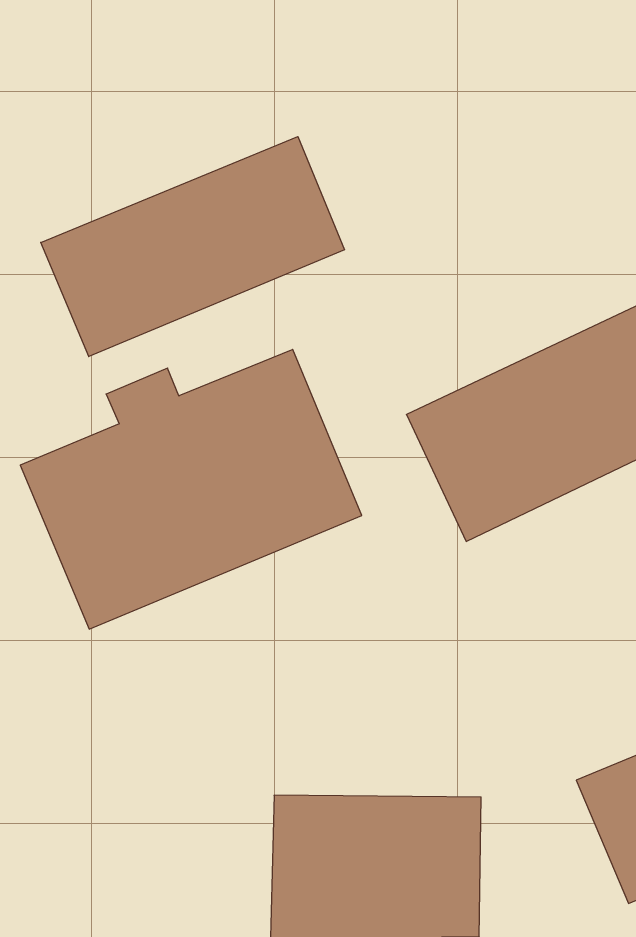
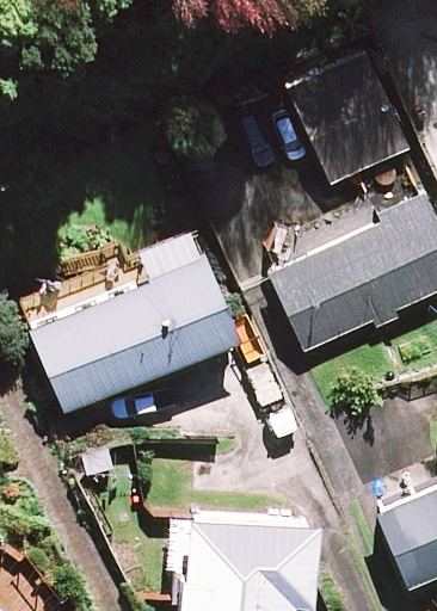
building: none -> [287,53,408,186]
building: [41,137,345,357] -> none

